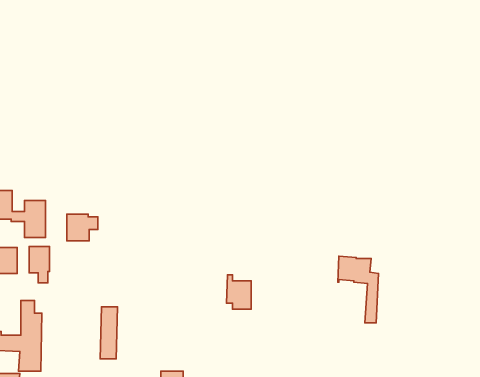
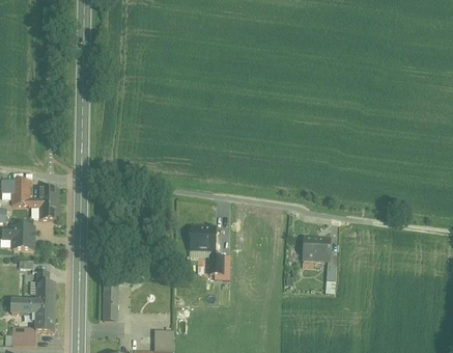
building: [67,214,98,241] -> none
building: [29,246,50,283] -> none
building: none -> [189,226,215,249]

